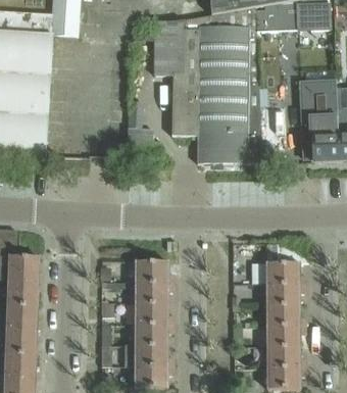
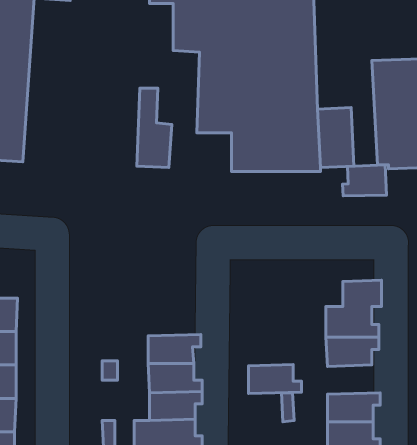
building: none -> [343,165,387,196]
building: [135,261,174,284] -> none
building: [266,305,305,327] -> [249,364,301,394]

